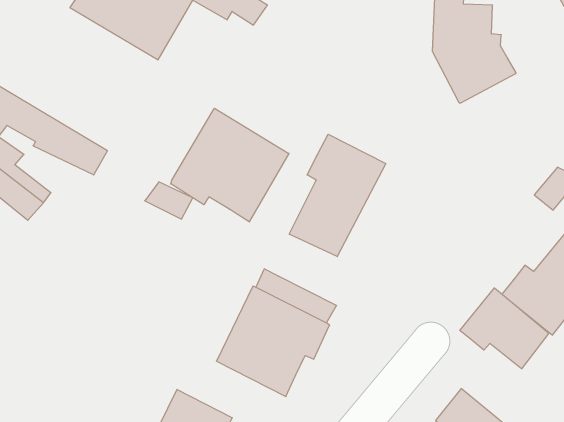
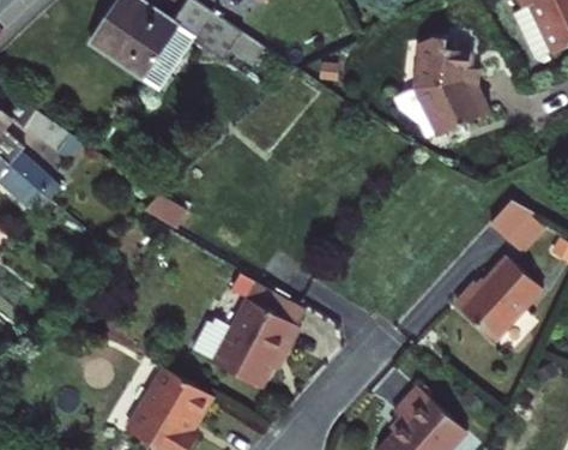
building: [171,108,289,222] -> none
building: [289,134,386,257] -> none
building: [460,288,549,369] -> none

